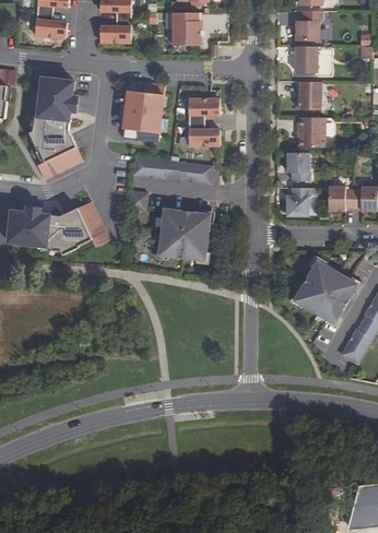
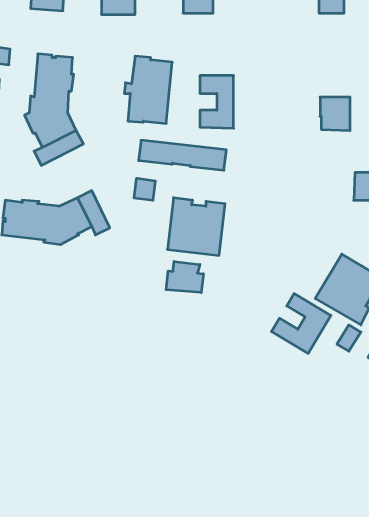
building: [295,46,318,73] -> none
building: [297,82,320,109] -> none
building: [286,152,309,181] -> none
building: [286,188,309,216] -> none
building: none -> [166,261,203,293]
building: none -> [271,294,331,353]

